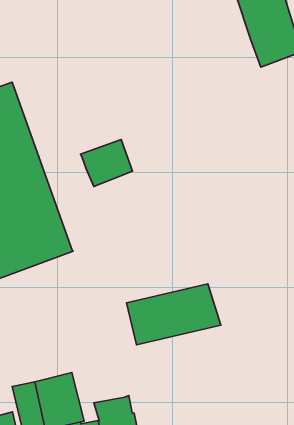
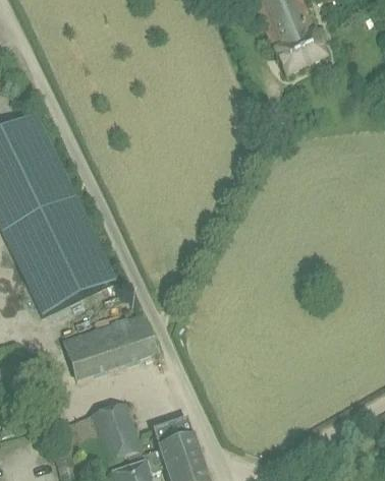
building: [81,139,133,187] -> none
building: [127,284,221,345] -> [62,310,160,379]

